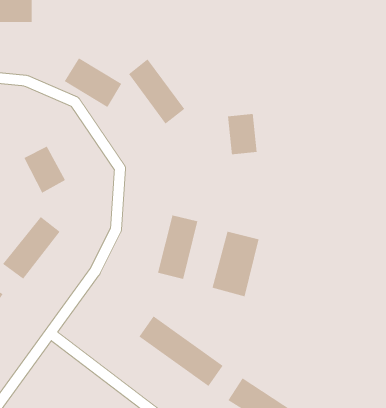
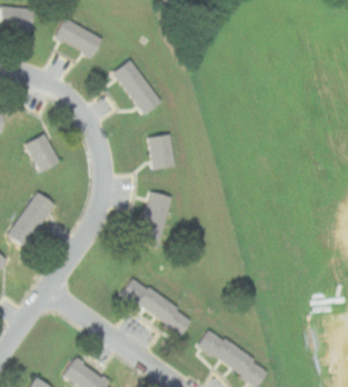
building: [64,57,122,108] -> [53,18,102,60]
building: [227,114,258,155] -> [148,135,173,169]
building: [212,231,259,297] -> none

